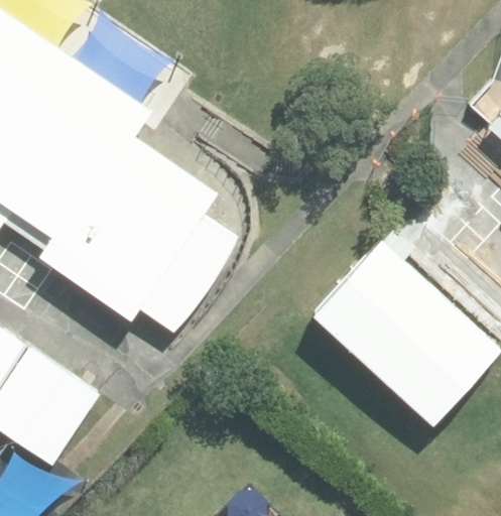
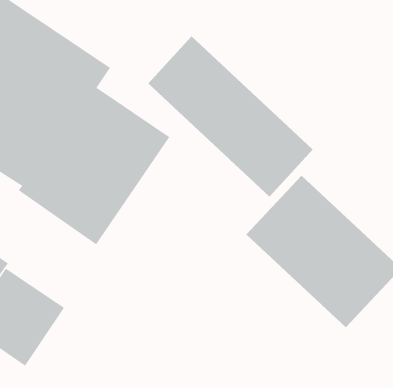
building: none -> [147,35,313,197]

